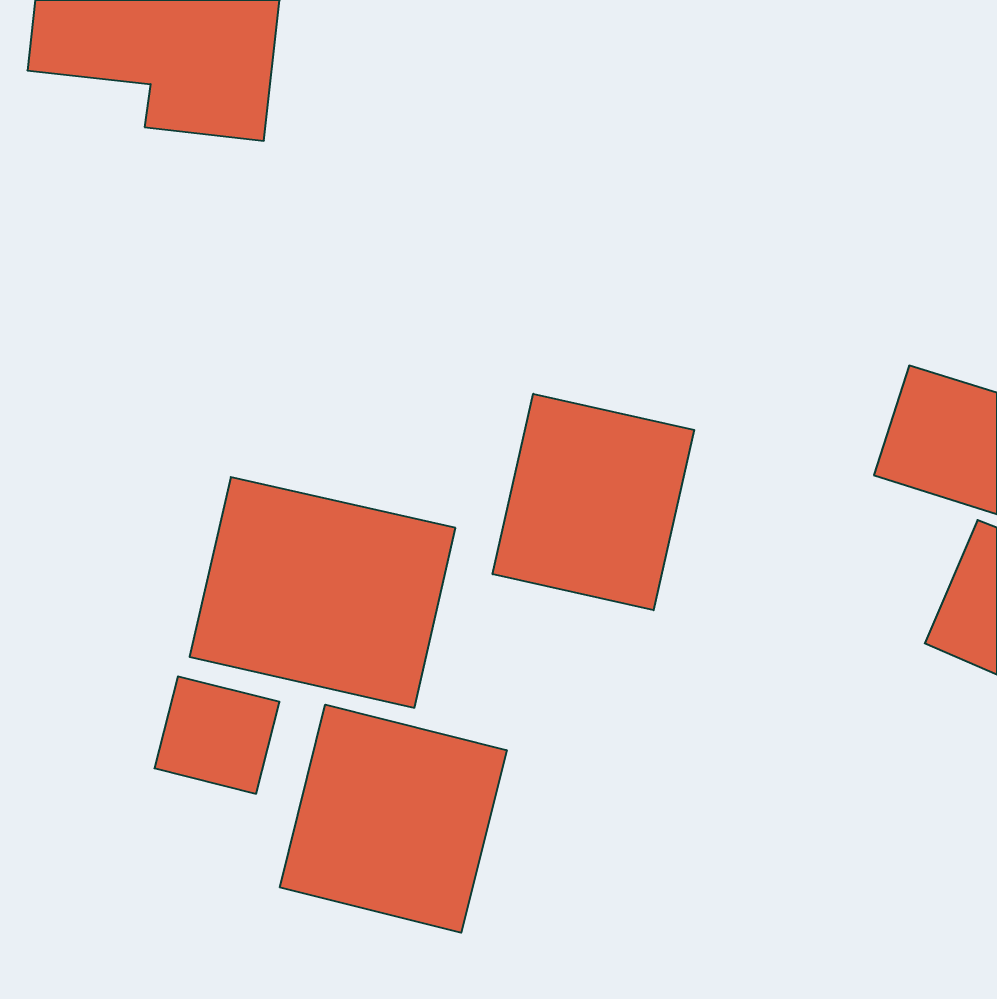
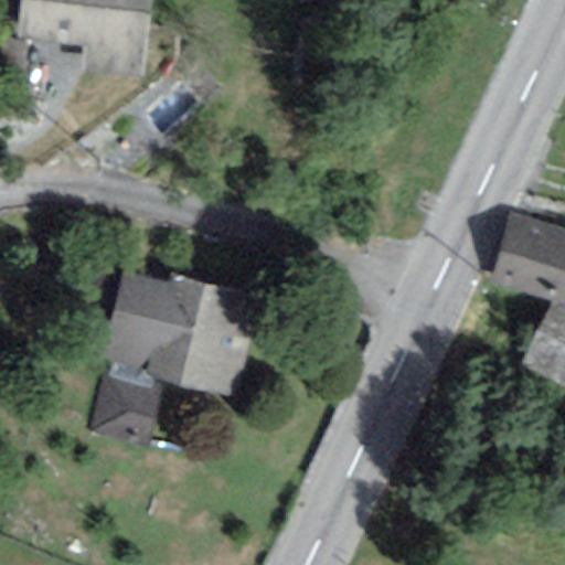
building: [493,394,694,610] -> none
building: [280,705,507,933] -> none

